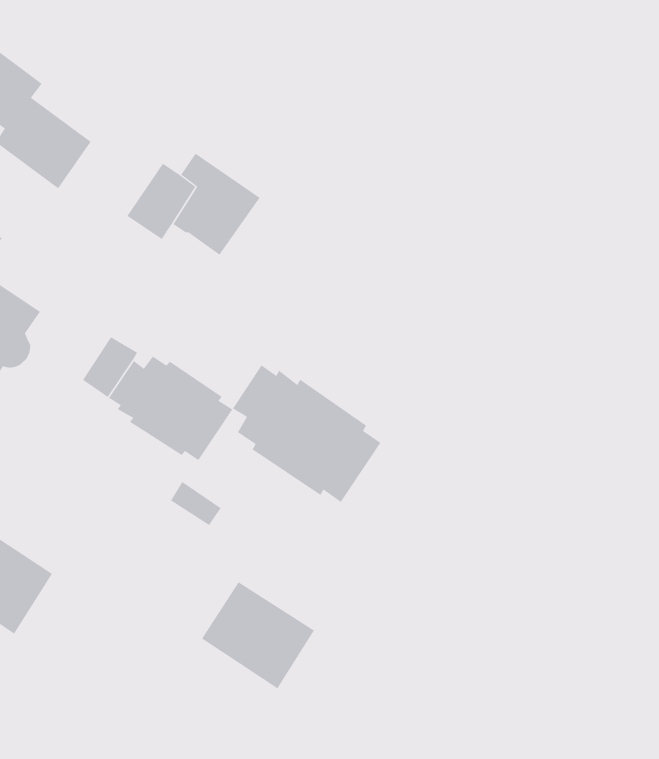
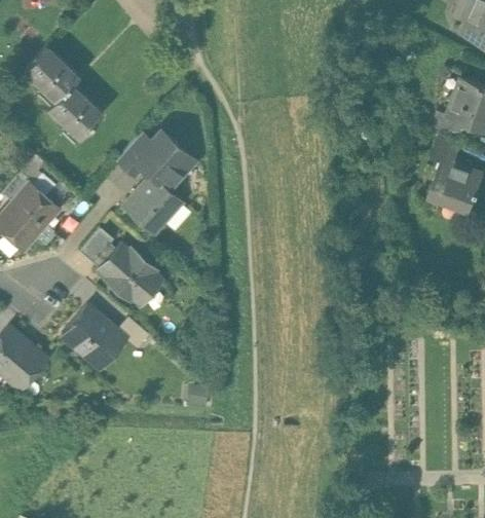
building: none -> [123,176,182,234]
building: [232,365,381,503] -> none
building: [201,582,315,689] -> [61,306,126,371]

